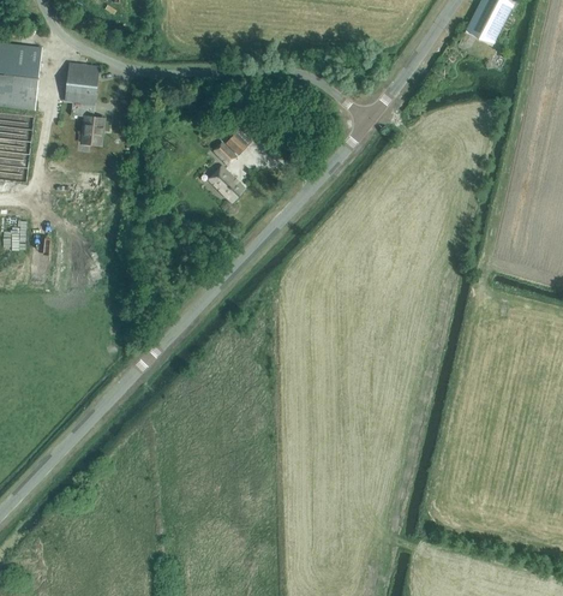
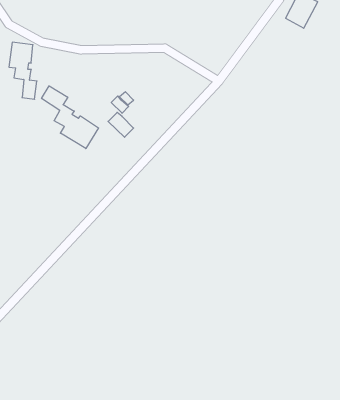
building: none -> [42,86,99,149]

